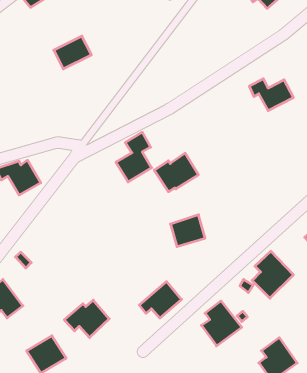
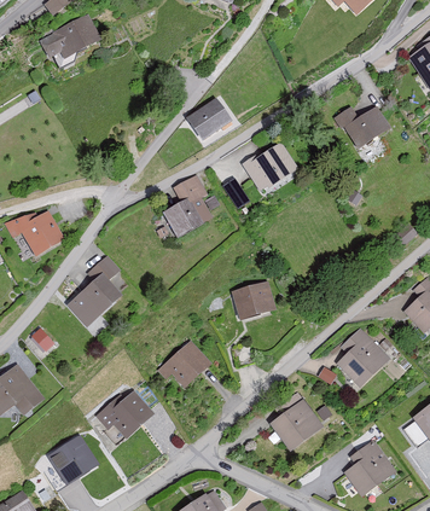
building: [54,36,91,69] -> [50,16,98,58]
building: none -> [186,99,232,143]
building: [154,153,198,192] -> [240,141,297,191]
building: none -> [65,261,120,329]
building: [139,282,182,318] -> [156,342,210,389]

